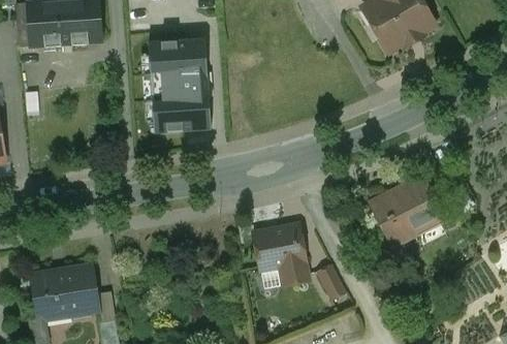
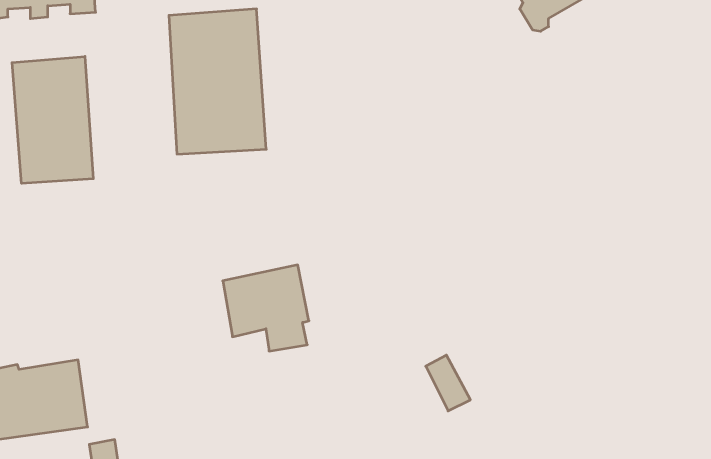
building: none -> [12,56,93,183]
building: [370,178,442,243] -> none
building: [251,223,307,279] -> [223,265,309,351]

